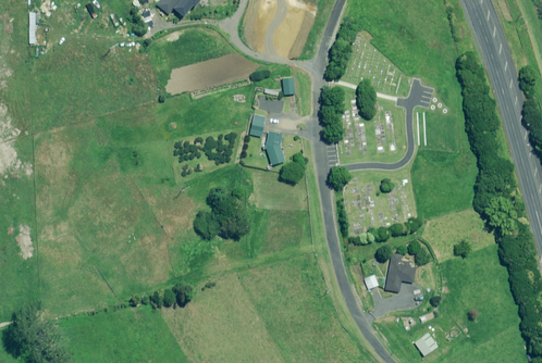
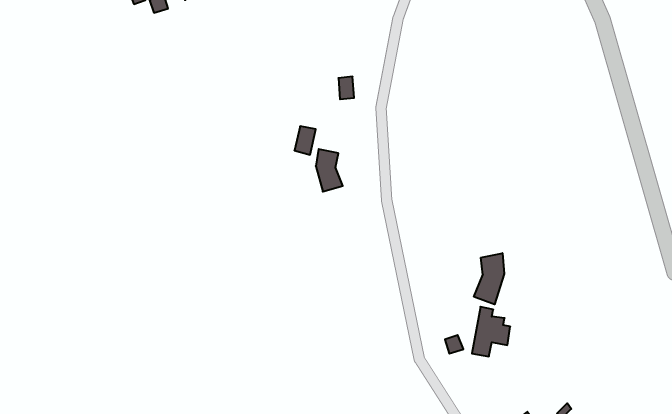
building: none -> [474,253,504,304]

